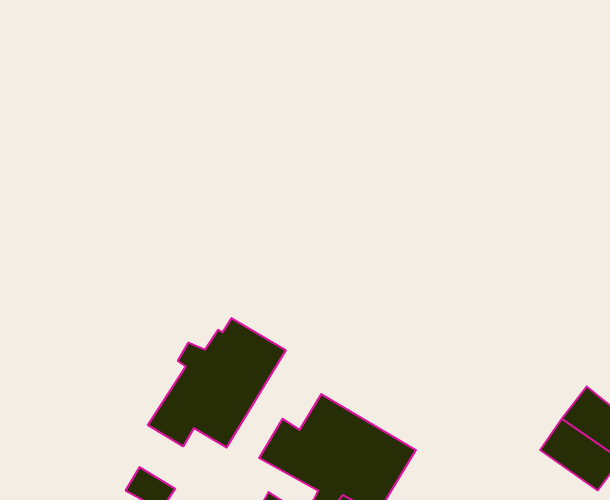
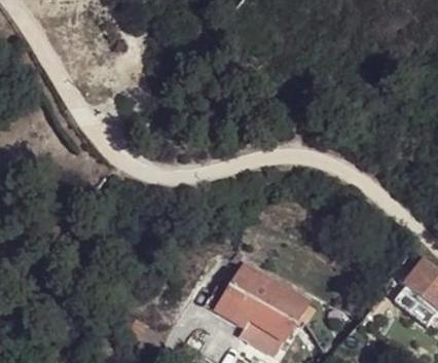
building: [148,318,286,448] -> none

